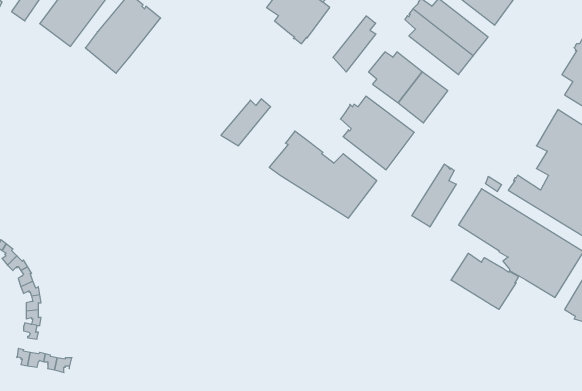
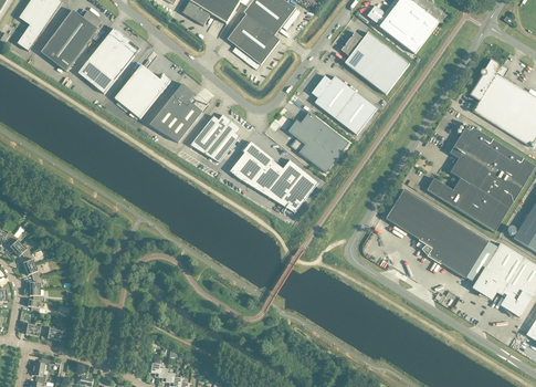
building: [333,16,376,72] -> none
building: none -> [114,64,170,117]
building: none -> [149,83,202,142]
building: none -> [203,121,239,161]
building: [412,164,456,227] -> none
building: [451,253,518,309] -> none

